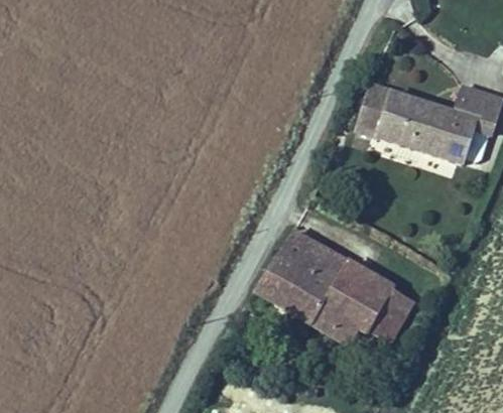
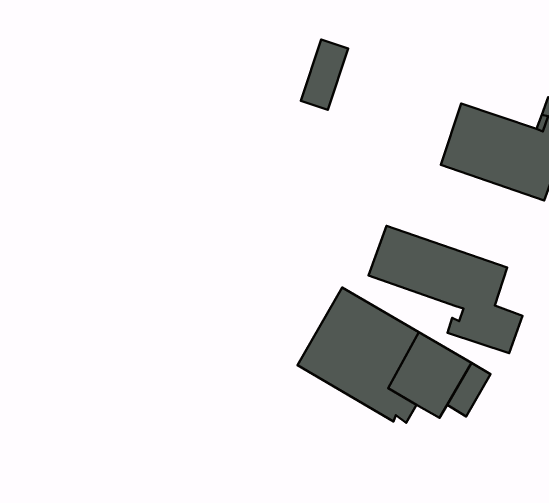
building: [356,83,393,138] -> [301,39,348,110]
building: none -> [368,226,523,353]

